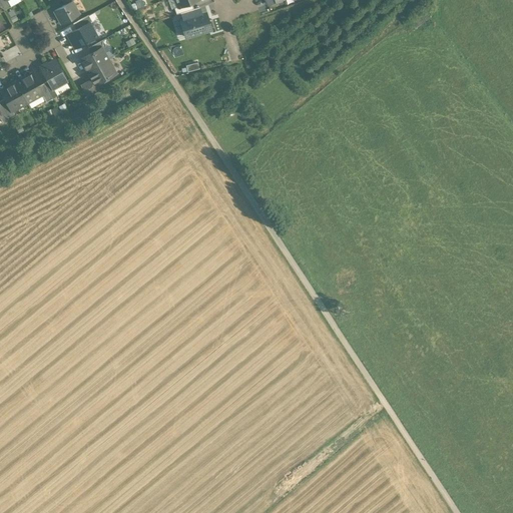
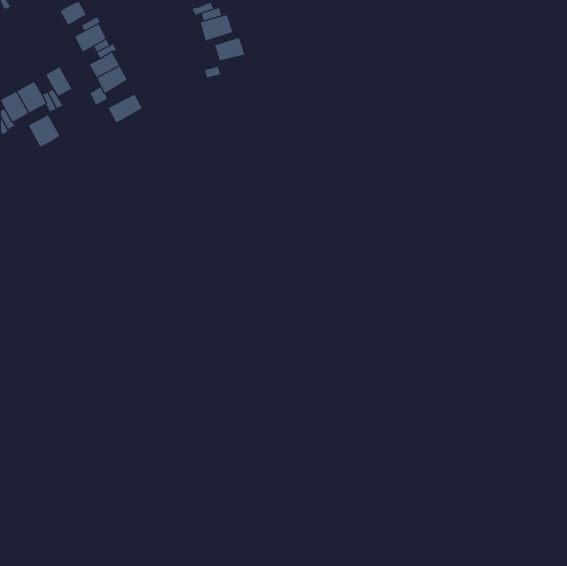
building: none -> [215,37,245,61]
building: none -> [108,94,142,123]
building: none -> [28,114,60,147]

